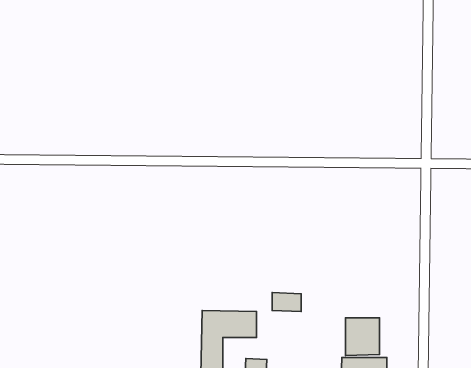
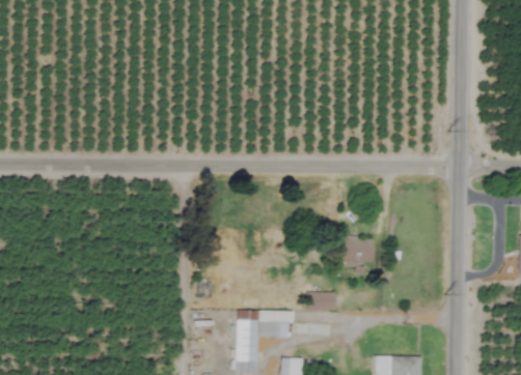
building: none -> [340,237,375,265]
building: [346,318,379,355] -> none

